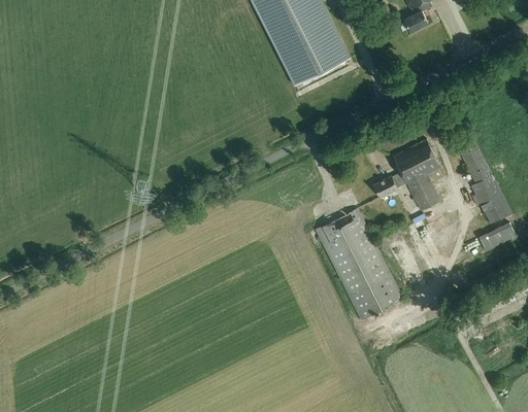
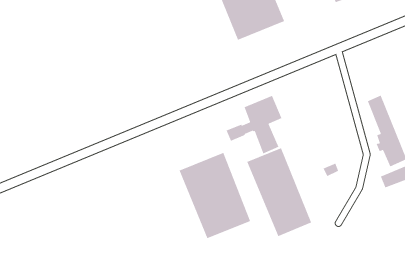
building: [373,138,441,211] -> [225,95,283,154]
building: none -> [179,152,251,239]

